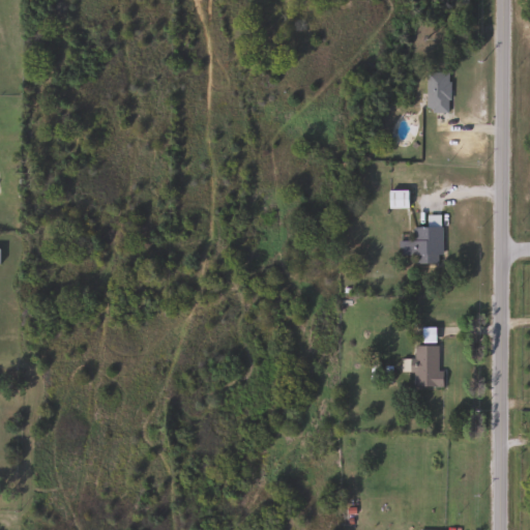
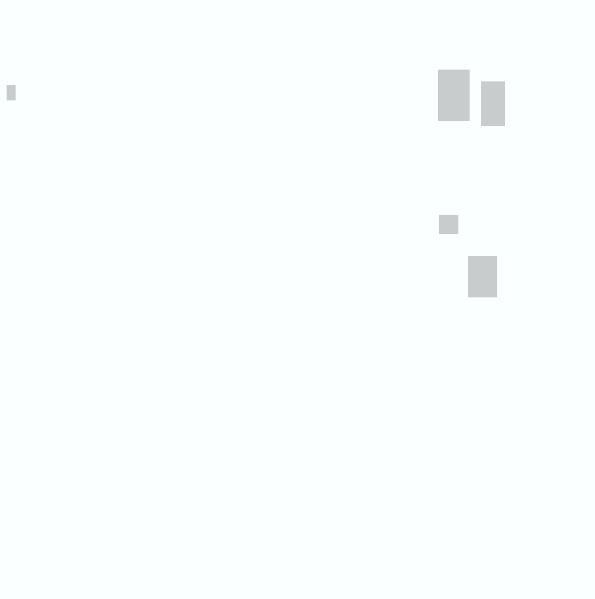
building: none -> [438,69,470,122]
building: [416,345,443,386] -> none

